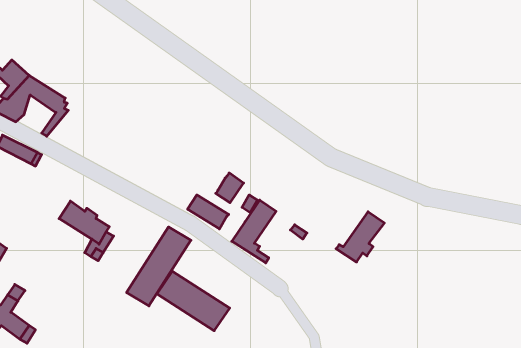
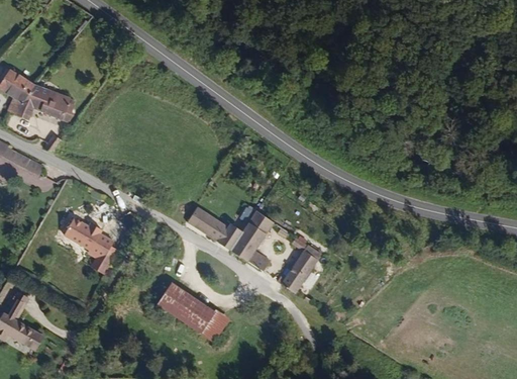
building: [216,173,244,203] -> [217,222,244,252]
building: [336,212,384,262] -> [276,245,323,294]
building: [127,227,191,306] -> none

